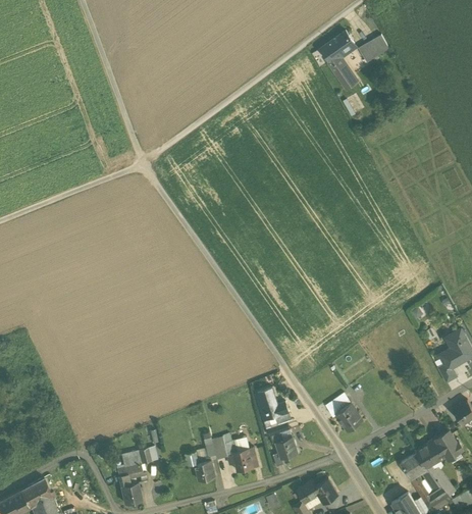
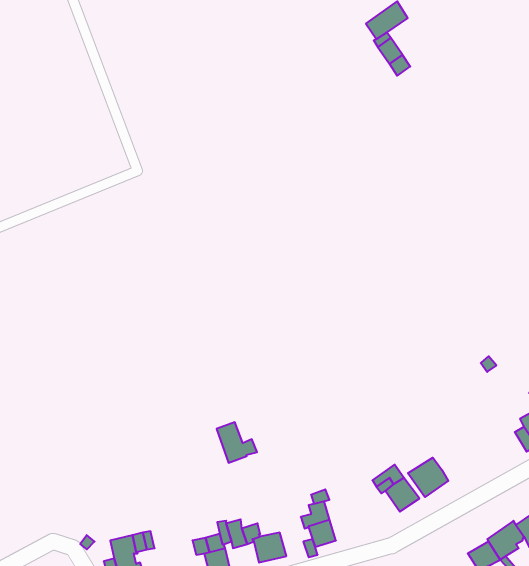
building: [358,37,389,64] -> none
building: [258,389,290,420] -> [217,422,257,463]
building: none -> [408,458,448,497]

